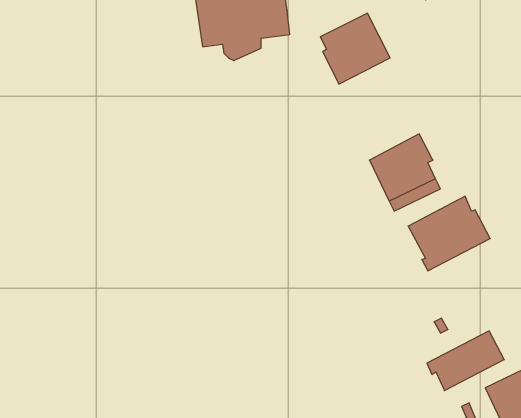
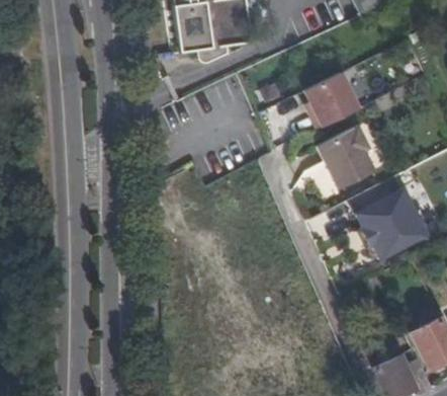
building: [320,13,390,84] -> [305,71,362,129]
building: [427,331,504,391] -> [365,212,428,260]

